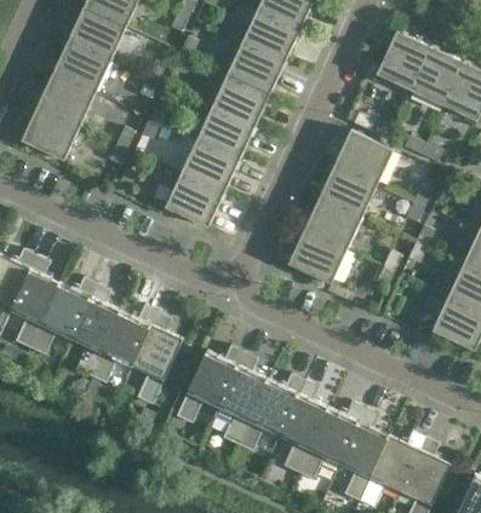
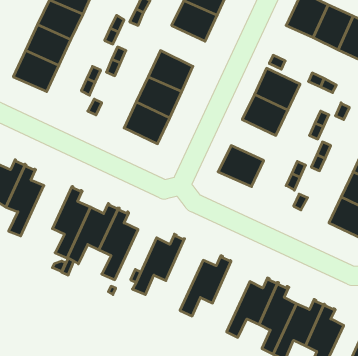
building: [211,74,269,127] -> none
building: [303,196,361,249] -> none
building: [29,276,96,355] -> none
building: [218,351,267,444] -> none
building: [279,380,327,472] -> none

